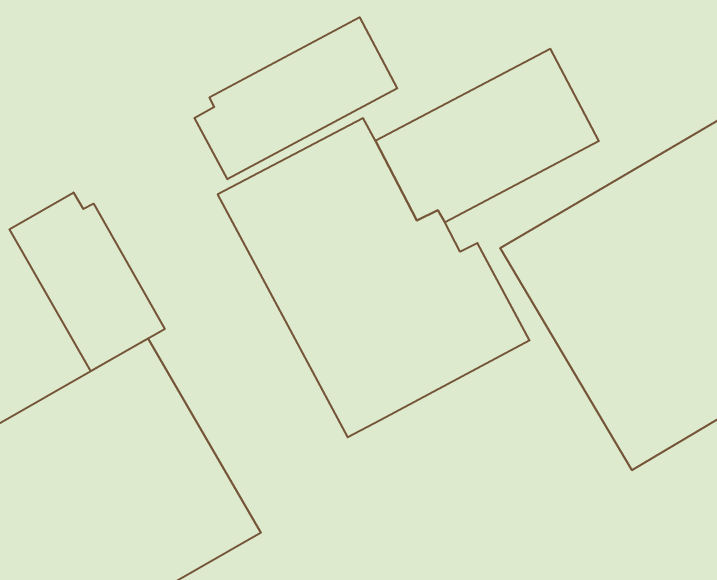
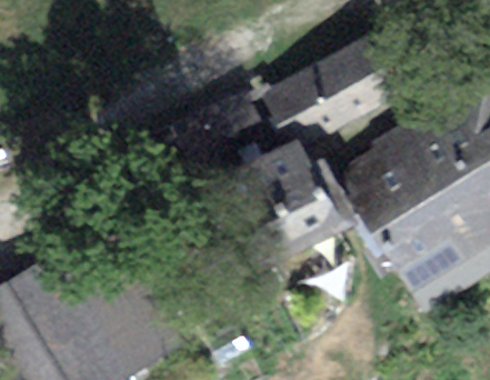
building: [194,17,397,179] -> none
building: [9,192,165,371] -> none

